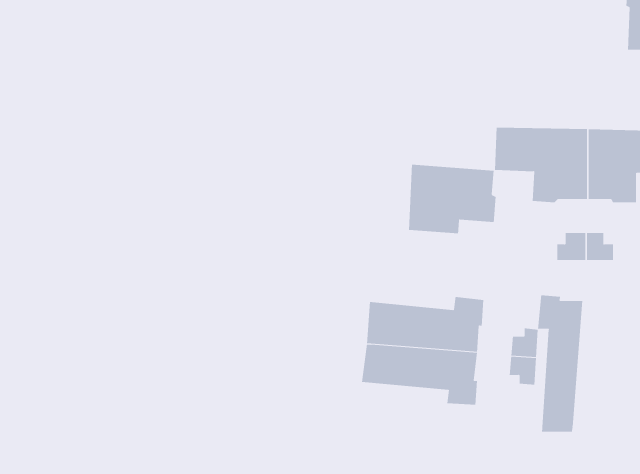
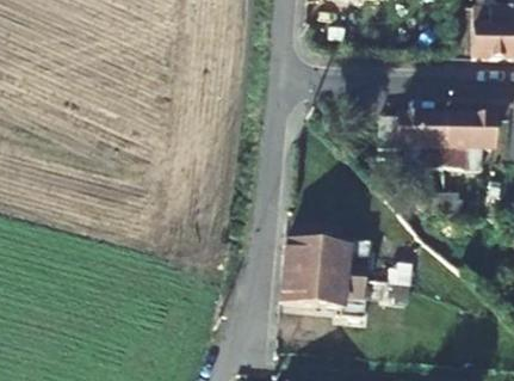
building: [409,164,496,234] -> none
building: [538,294,583,433] -> none

